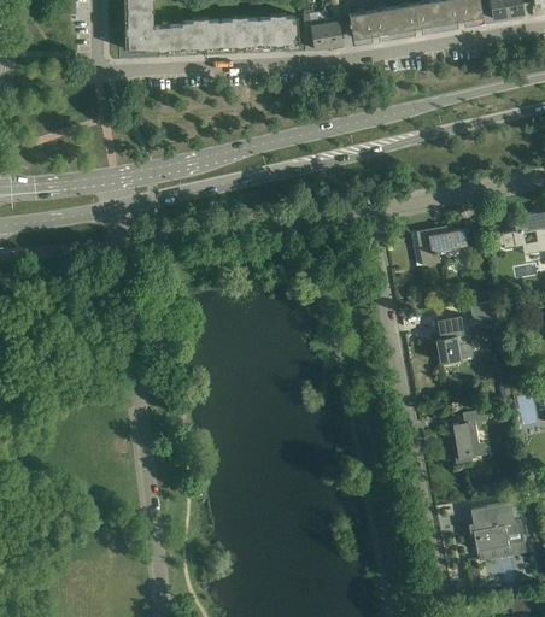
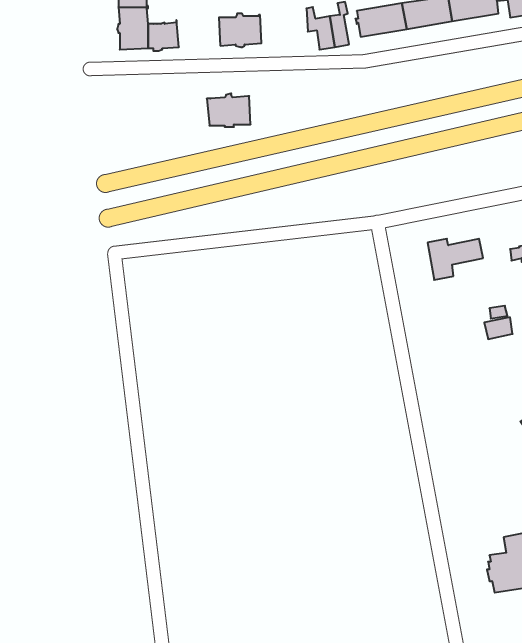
building: [258,14,298,46] -> none
building: [180,18,221,49] -> [207,93,251,127]
building: [435,316,473,363] -> none
building: [451,410,485,463] -> none

